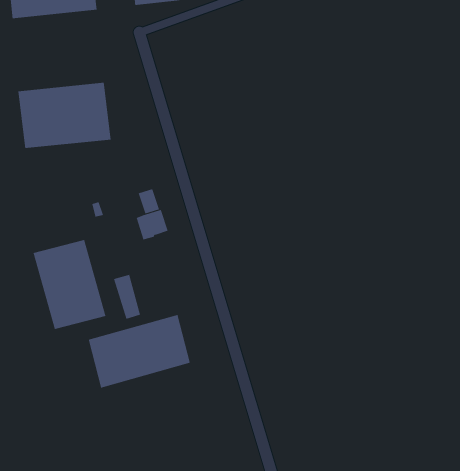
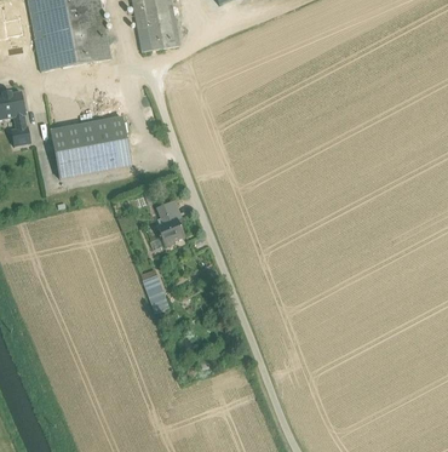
building: [33,239,106,330] -> none
building: [88,314,191,388] -> none

